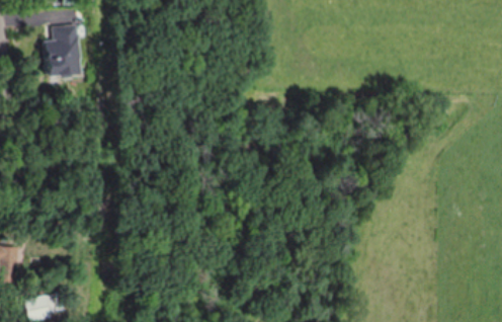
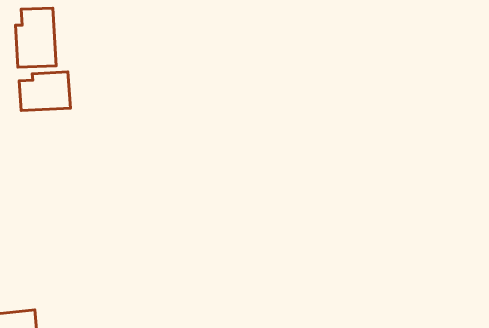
building: none -> [19,72,71,111]

